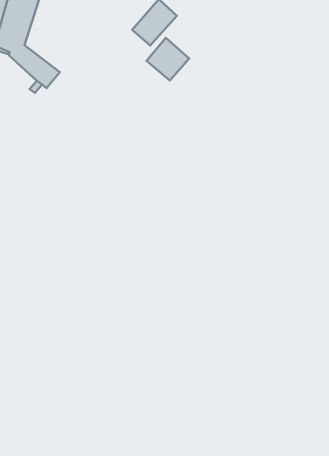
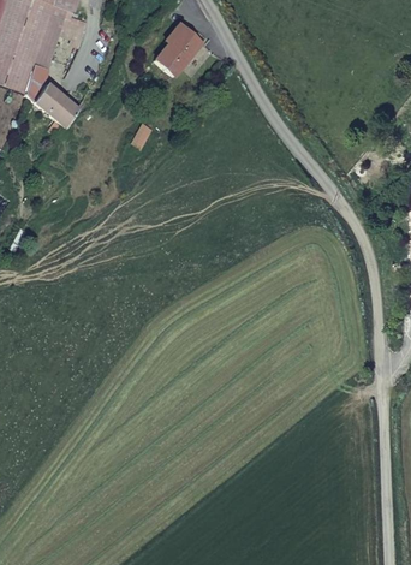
building: [147,38,189,80] -> none

